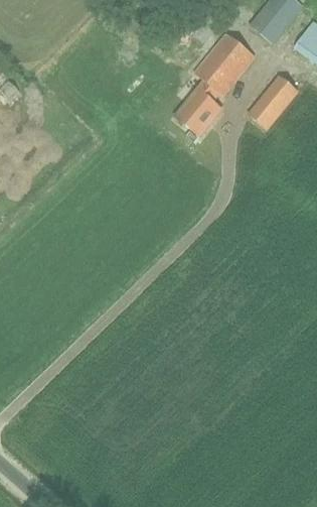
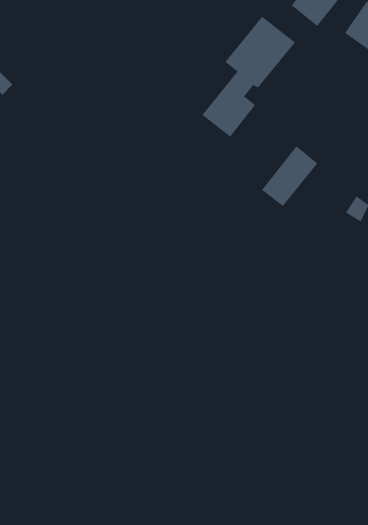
building: [250,76,297,127] -> [261,145,318,207]

